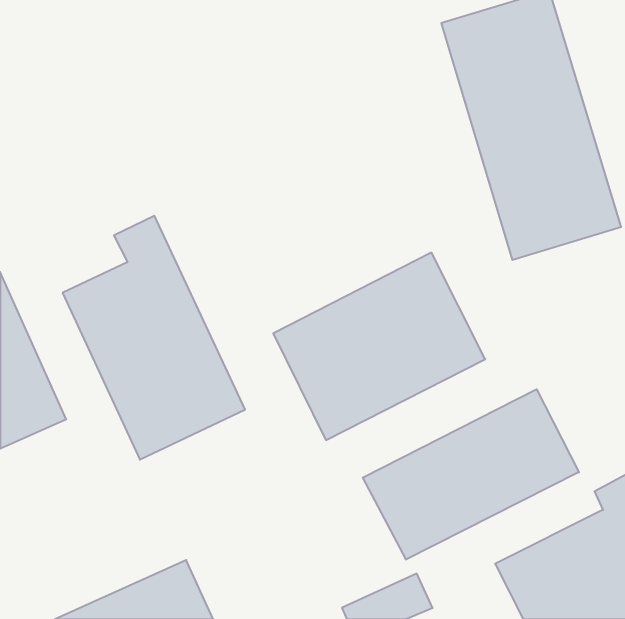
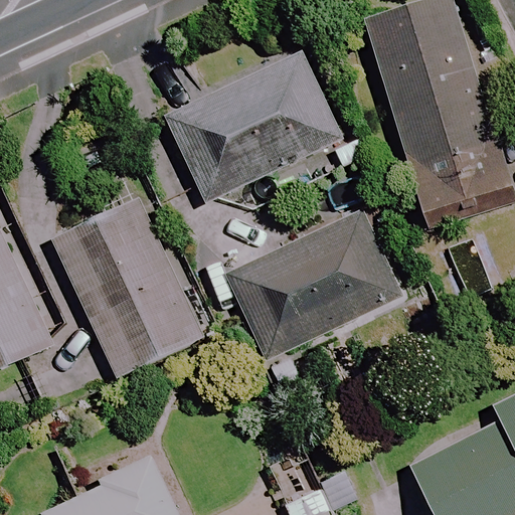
building: none -> [163,51,368,211]
building: [363,389,579,560] -> none

